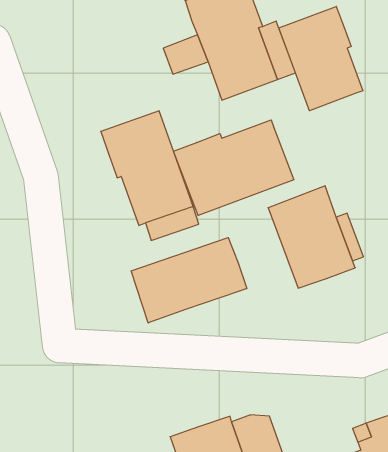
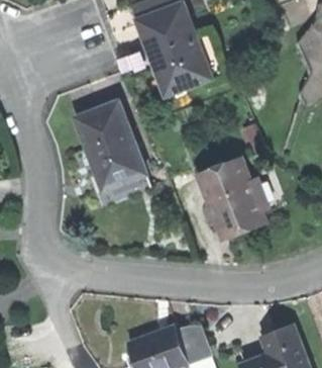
building: [279,6,363,111] -> none
building: [174,120,294,216] -> none
building: [131,238,247,323] -> none

